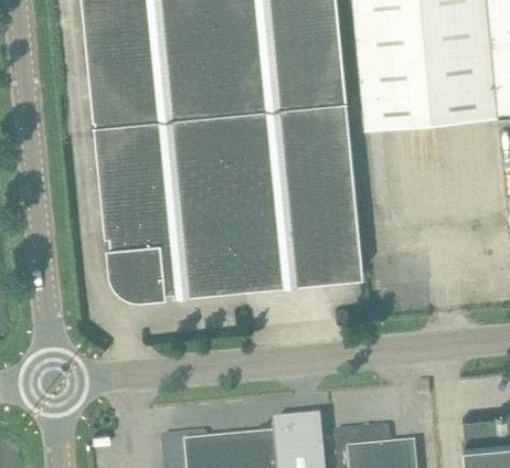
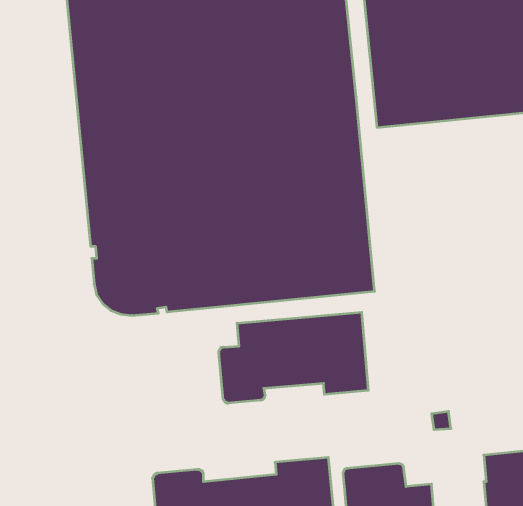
building: none -> [219,312,368,403]

